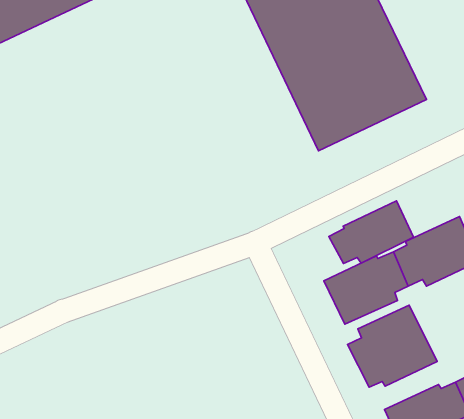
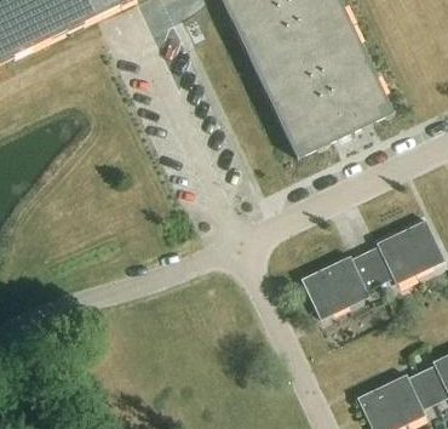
building: [329,201,413,264] -> none
building: [348,305,437,387] -> none

